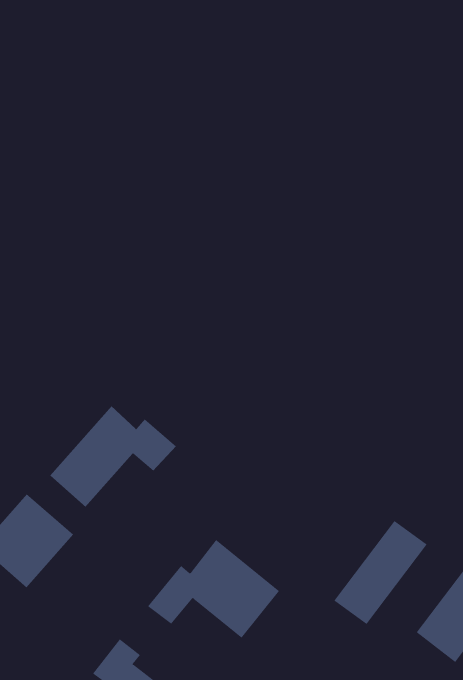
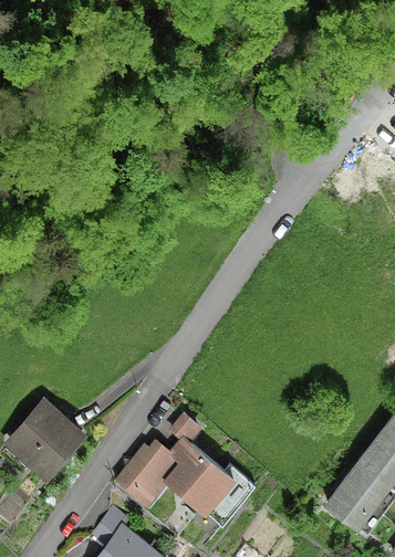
building: [49,405,177,508] -> none
building: [333,520,427,625] -> none

